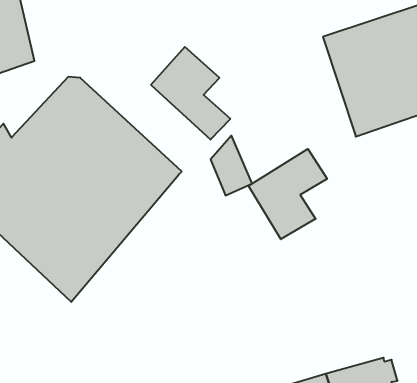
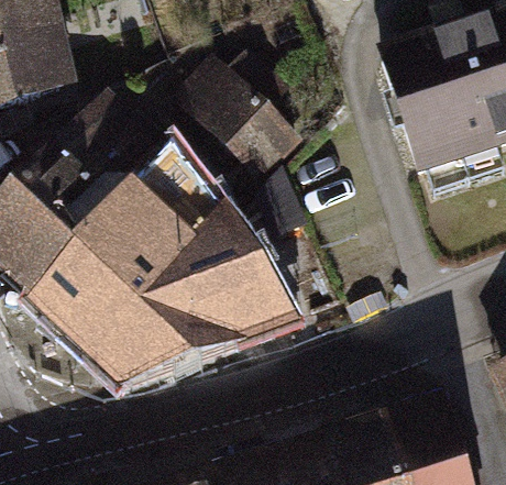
building: [249,149,327,239] -> none
building: none -> [108,222,293,387]

